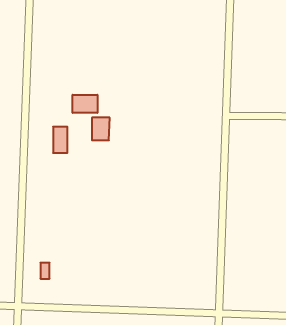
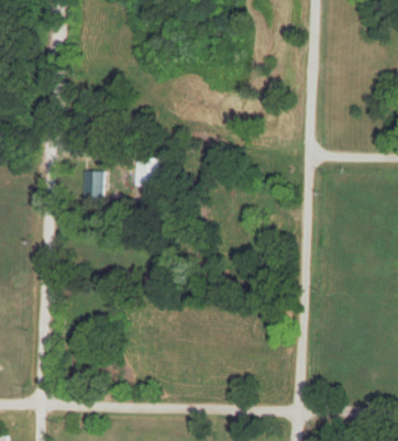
building: [73,95,97,113] -> none

